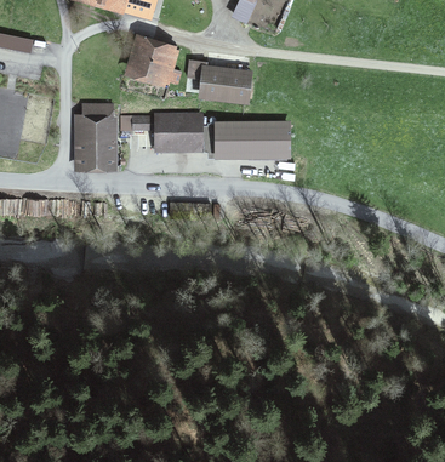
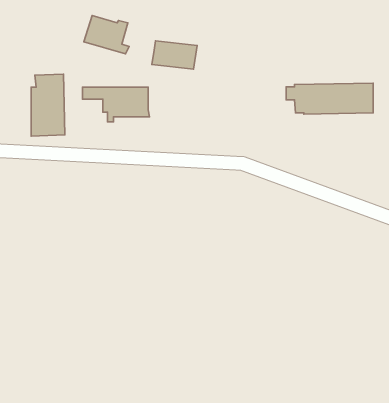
building: [198,124,286,155] -> [286,83,373,114]

